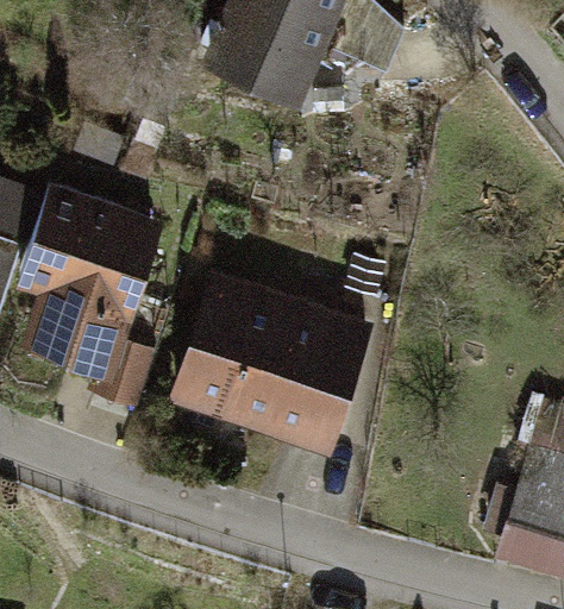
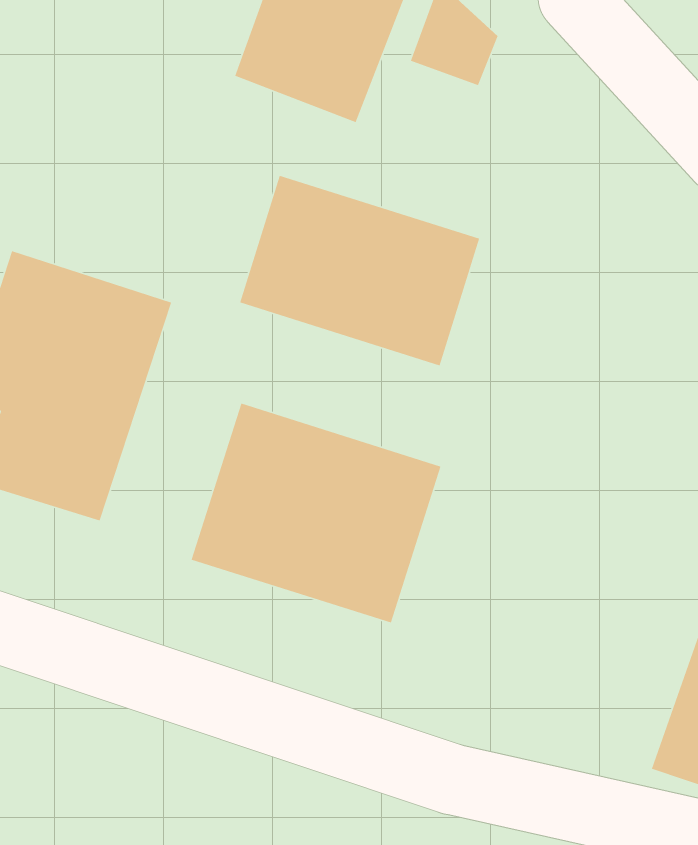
building: none -> [239,175,480,366]

